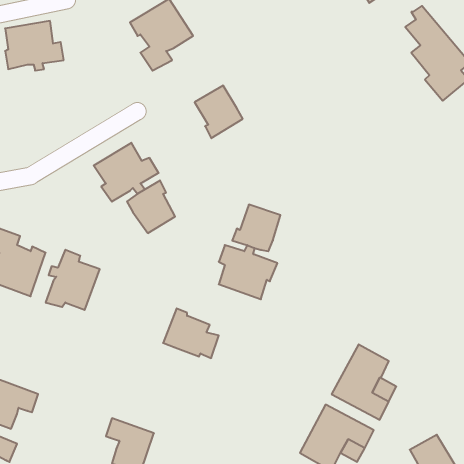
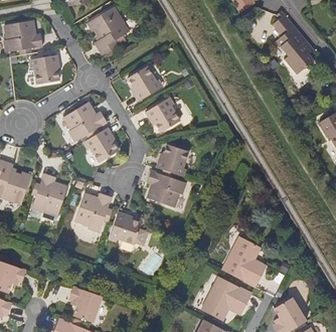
building: none -> [33,54,59,85]
building: none -> [149,97,182,130]
building: none -> [75,192,112,231]

